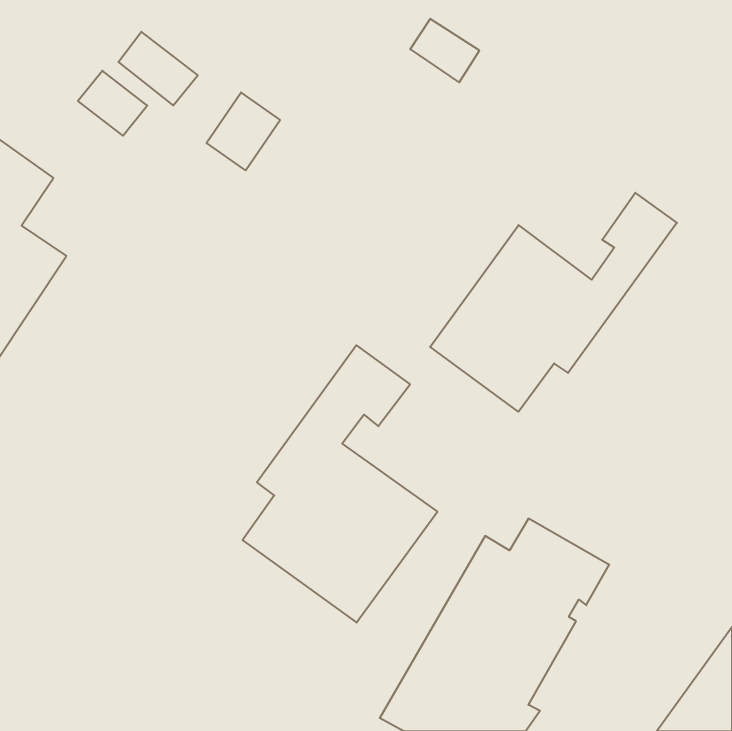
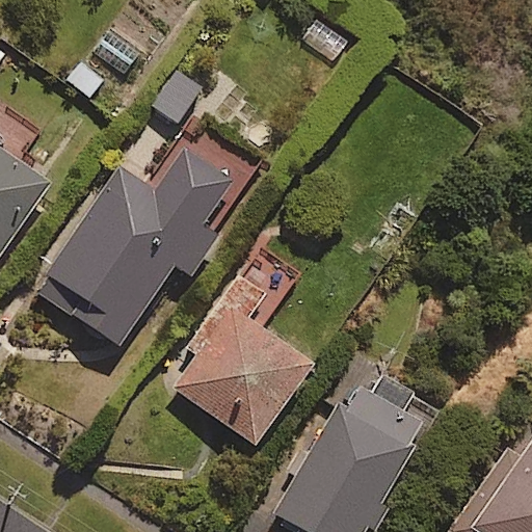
building: [430,193,677,412] -> none
building: none -> [35,147,250,348]

